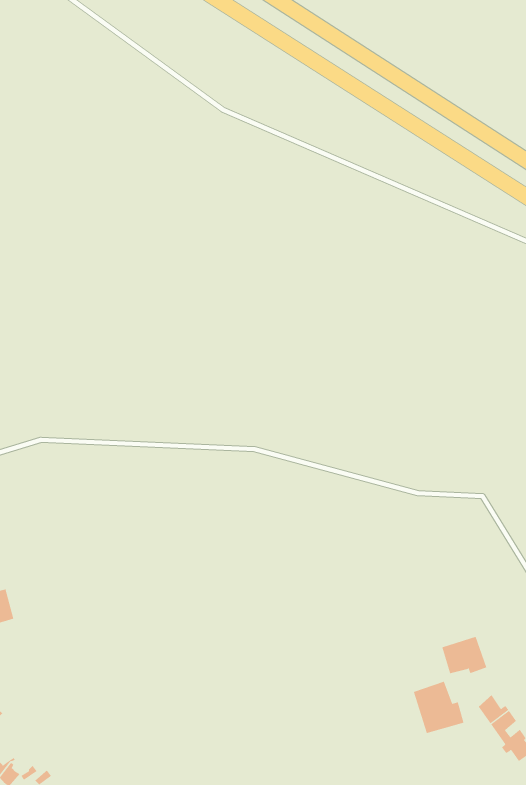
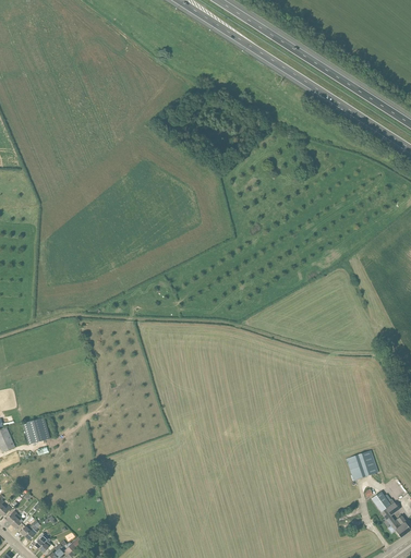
building: [413,681,464,734] -> none

